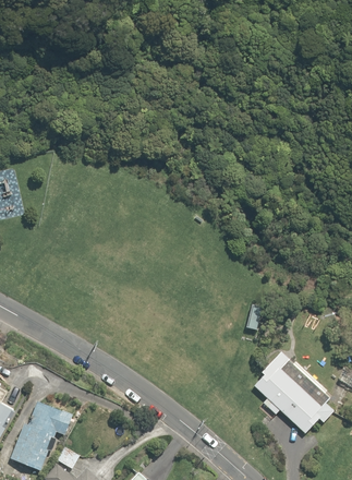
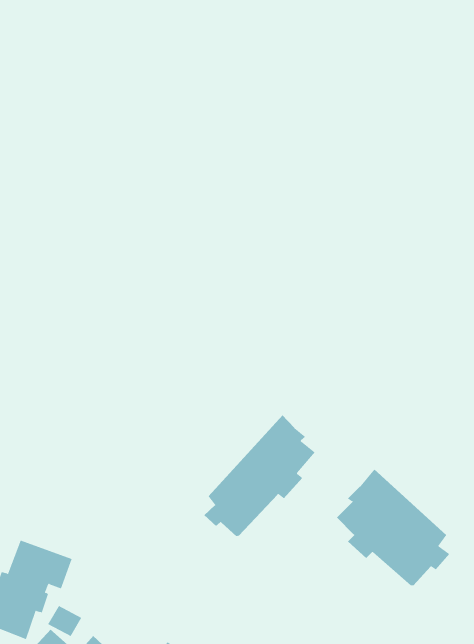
building: none -> [203,414,316,537]

